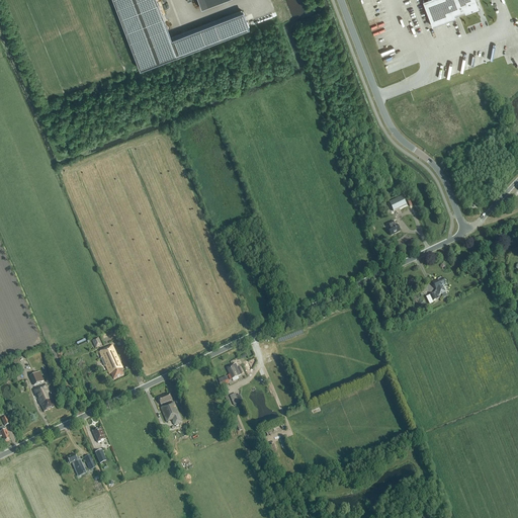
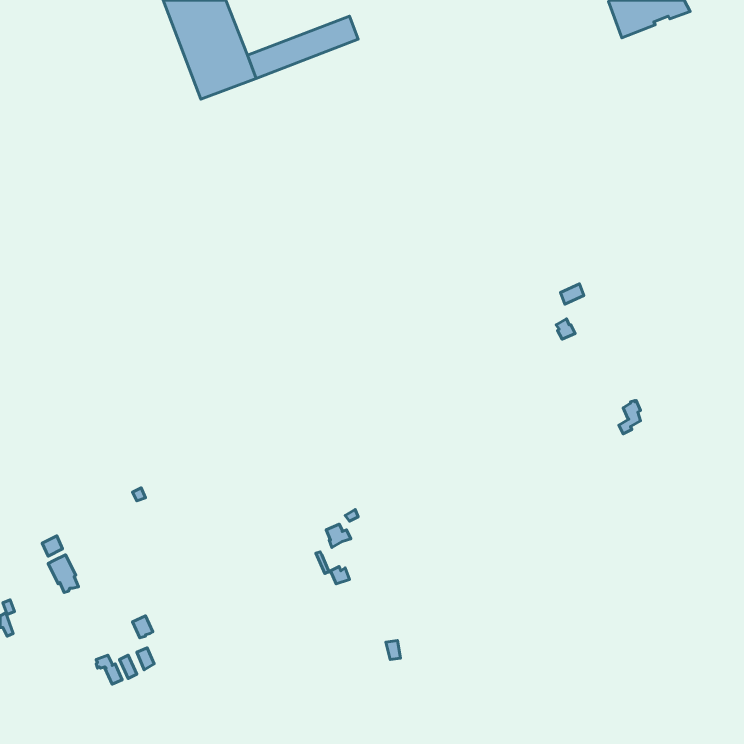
building: [99,346,123,380] -> none
building: [158,395,182,426] -> none

